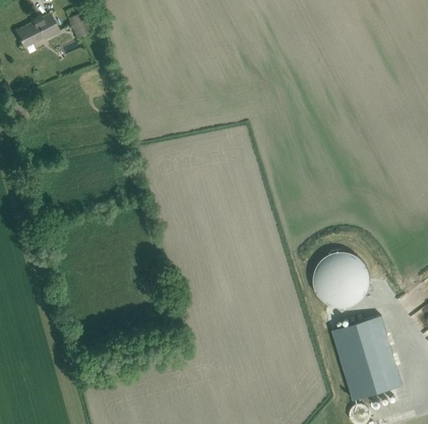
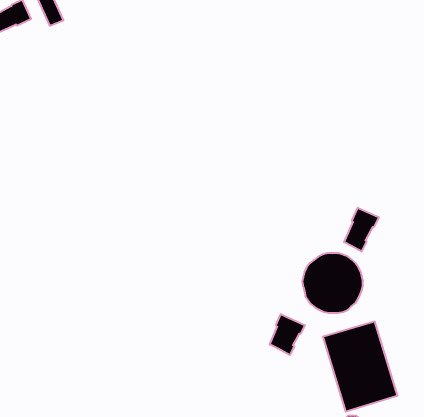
building: none -> [344,208,379,252]
building: none -> [270,314,305,355]

